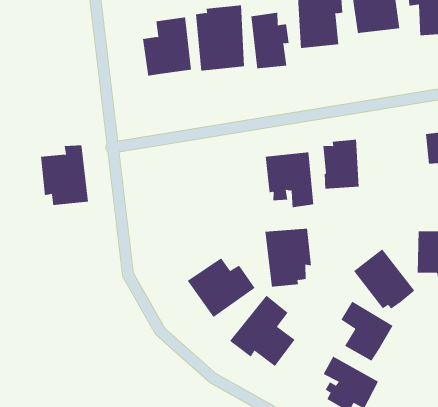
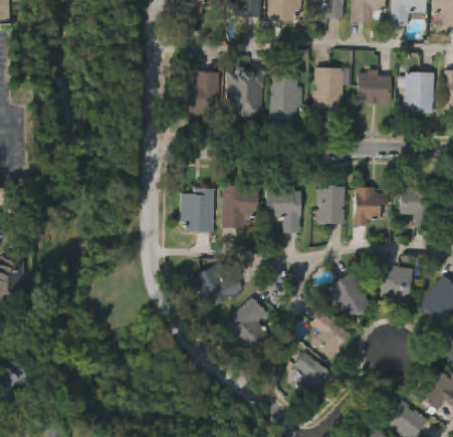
building: none -> [351,186,390,225]
building: [40,145,89,205] -> [181,186,216,232]
building: [265,228,312,287] -> [227,182,262,227]

